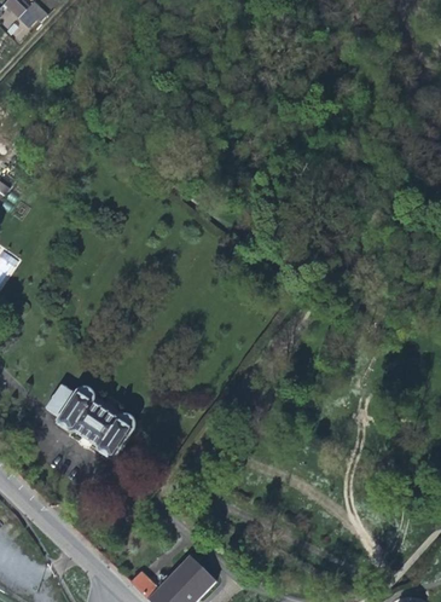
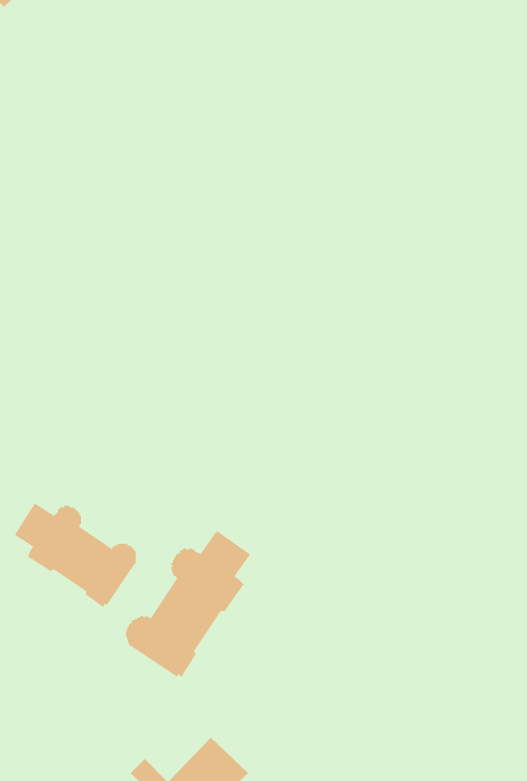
building: none -> [125,531,251,678]

